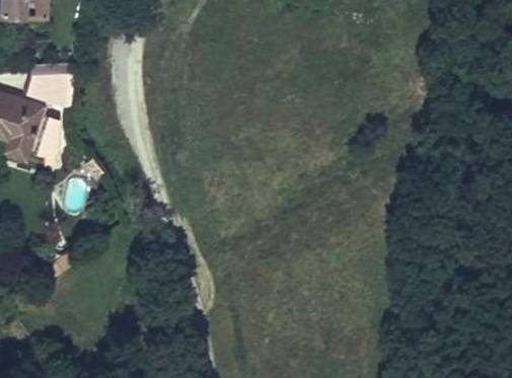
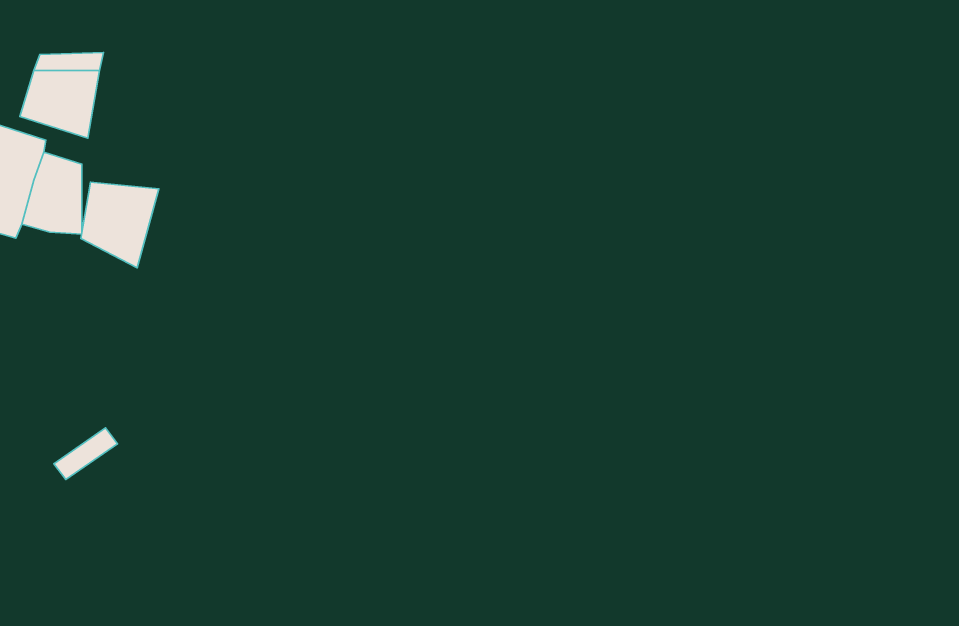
building: none -> [81,182,159,268]

